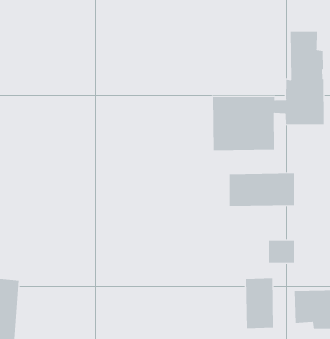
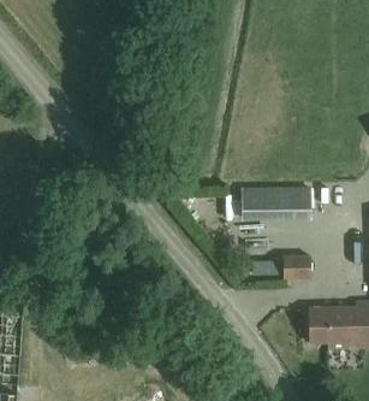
building: [212,31,324,151] -> none
building: [246,278,274,329] -> none

